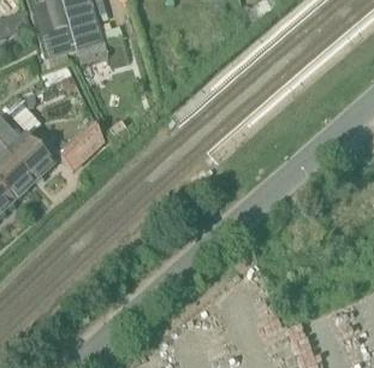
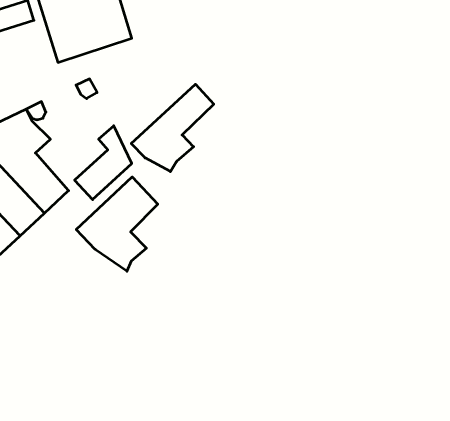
building: none -> [131,84,214,172]
building: none -> [76,177,158,271]

